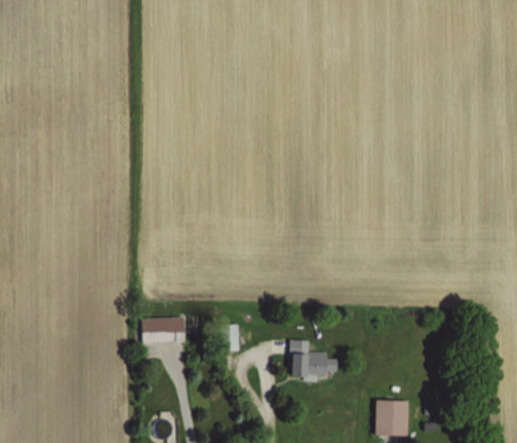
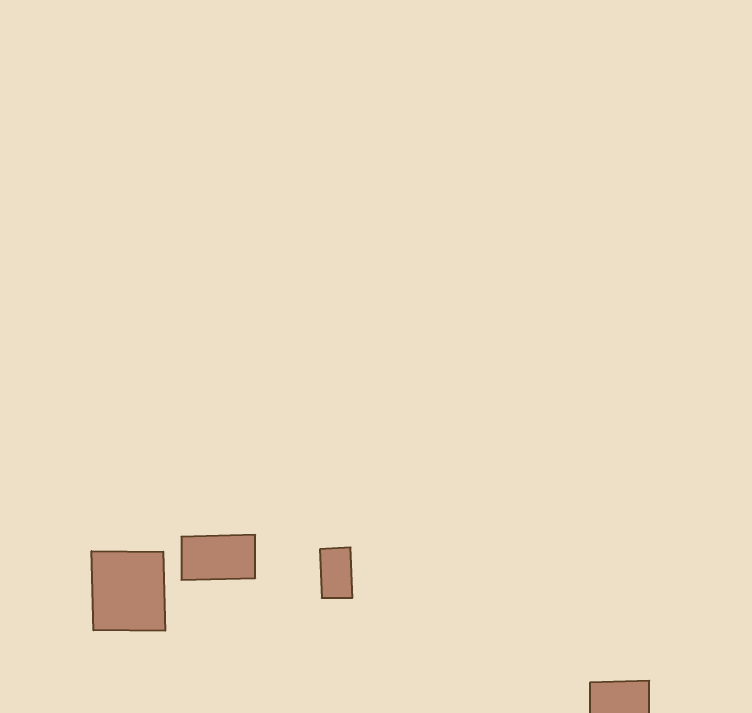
building: none -> [92,551,165,631]
building: [287,339,339,376] -> none

